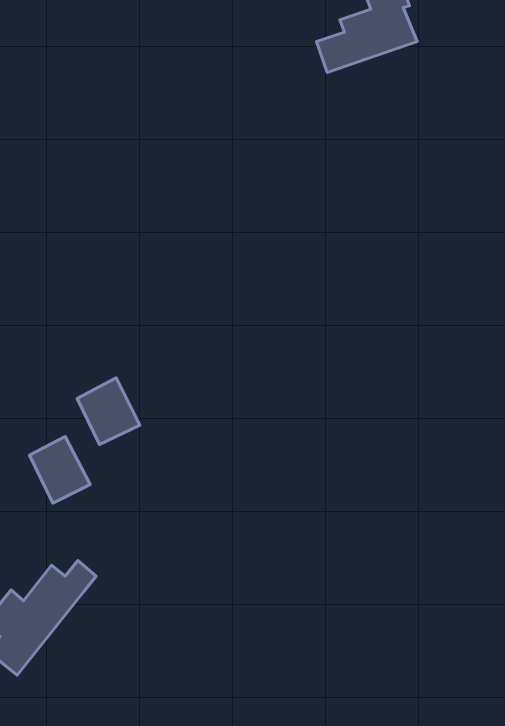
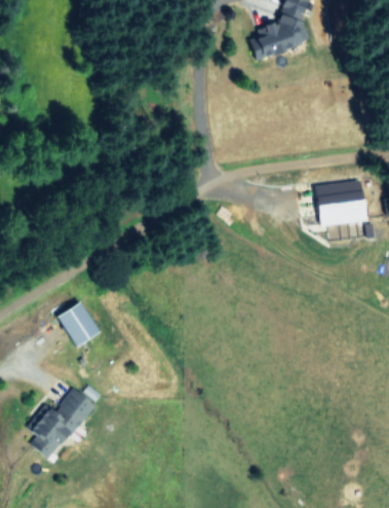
building: none -> [315,181,366,225]
building: [77,378,140,444] -> none

